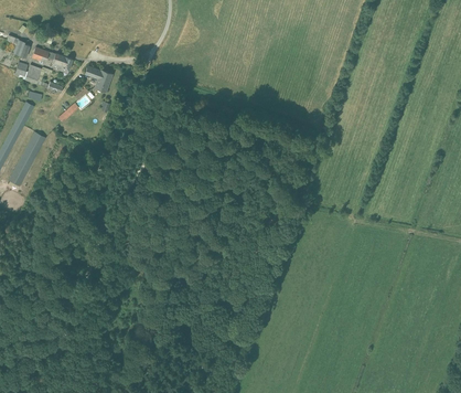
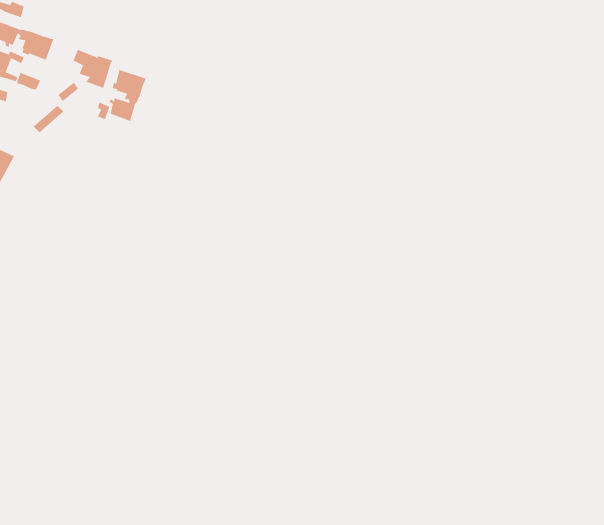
building: none -> [109,69,147,122]

